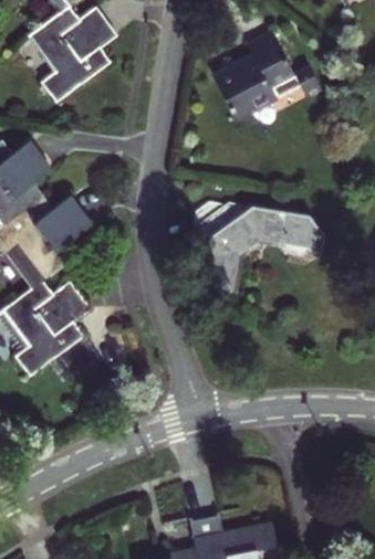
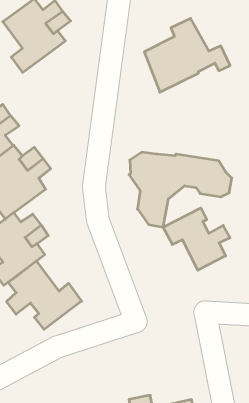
building: none -> [163,208,230,270]
building: none -> [7,261,82,329]

